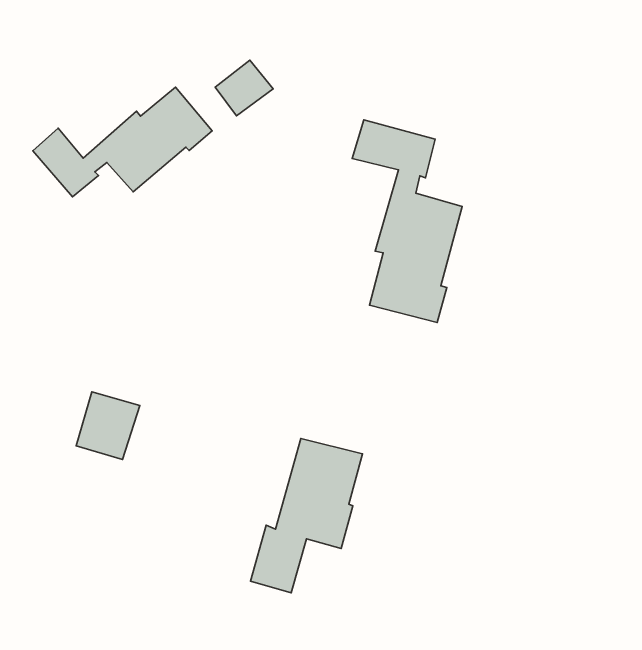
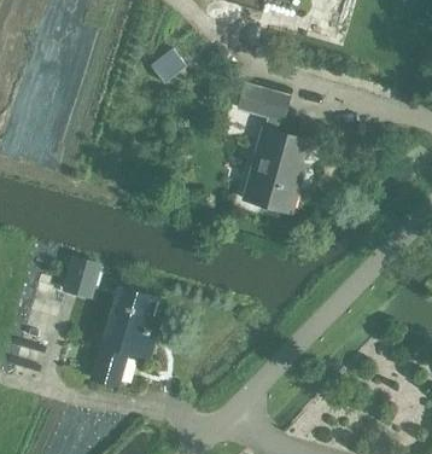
building: [33,87,212,197] -> none
building: [251,438,362,593] -> [93,289,163,385]

